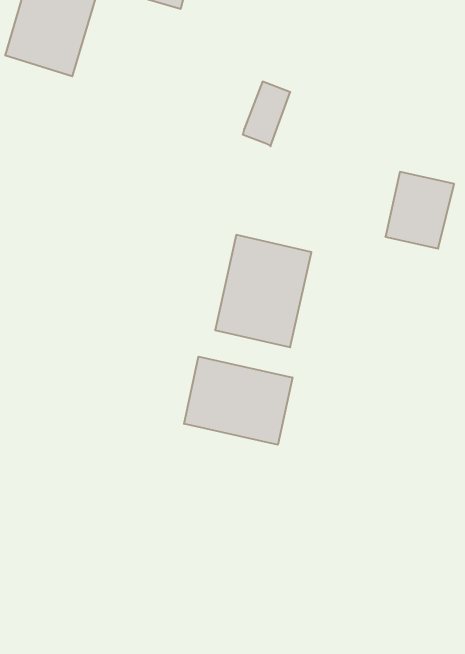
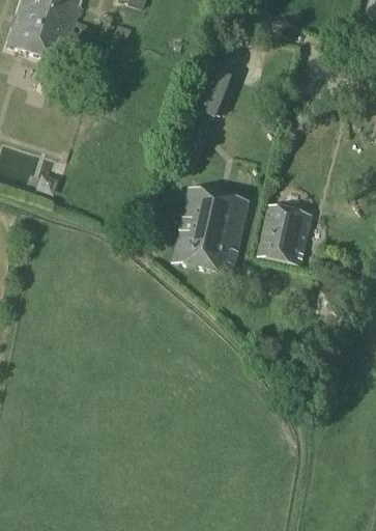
building: [385,172,454,249] -> [258,202,312,262]
building: [184,357,292,445] -> none

